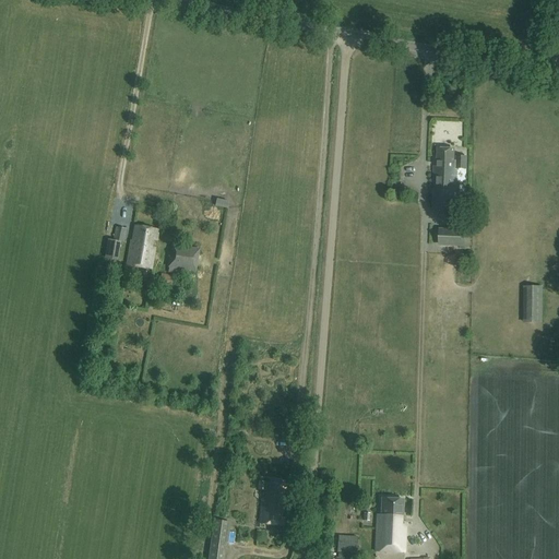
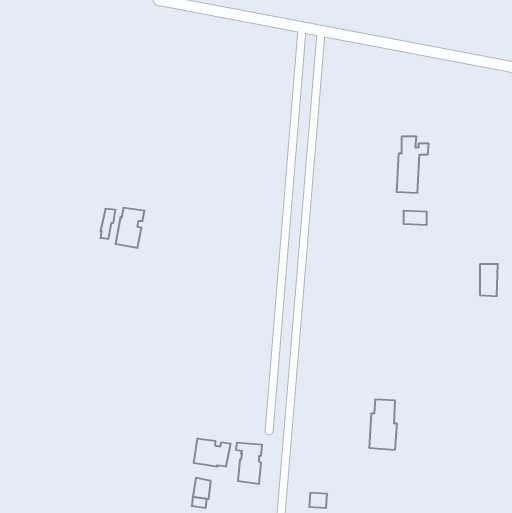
building: [167,246,198,271] -> none
building: none -> [194,438,230,467]
building: [374,498,405,552] -> [369,400,397,450]

